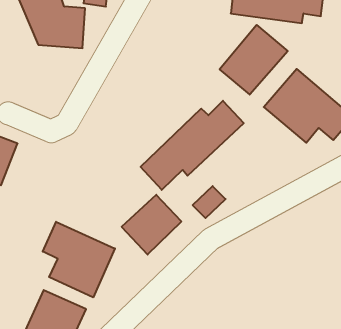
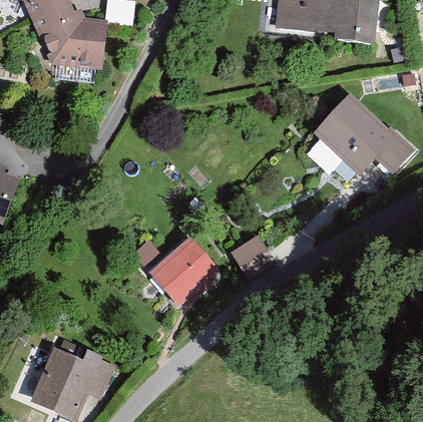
building: [220,25,288,95] -> none
building: [141,101,244,190] -> none
building: [43,222,115,297] -> none

